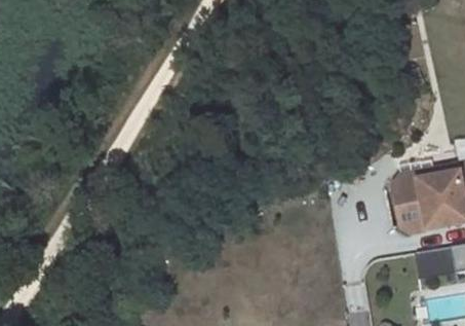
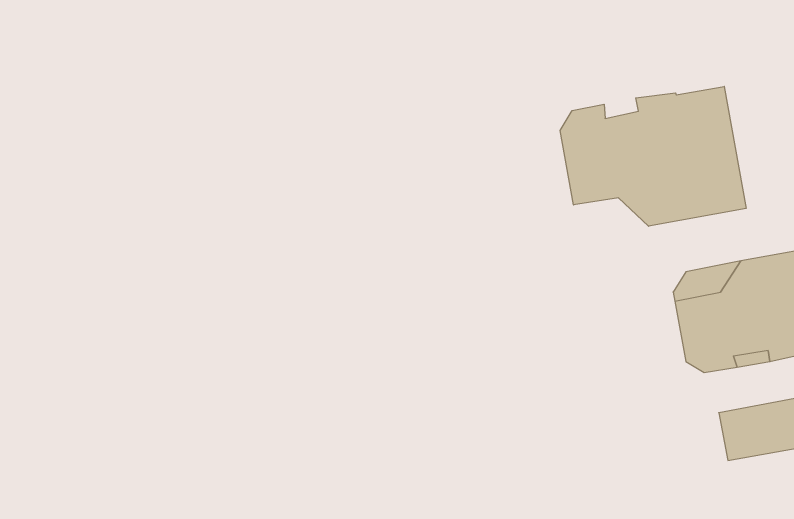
building: none -> [560,86,746,226]

